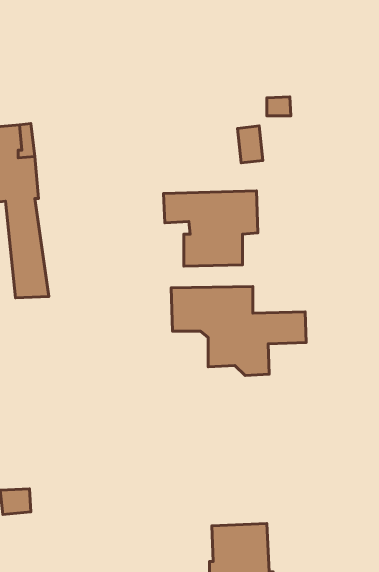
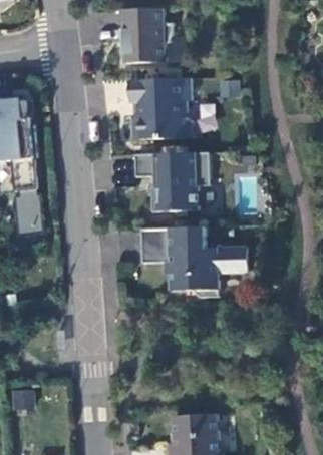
building: none -> [120,10,173,64]
building: none -> [128,79,192,140]

